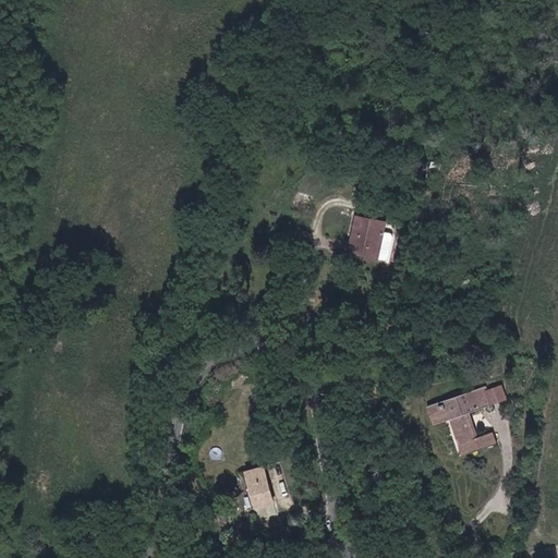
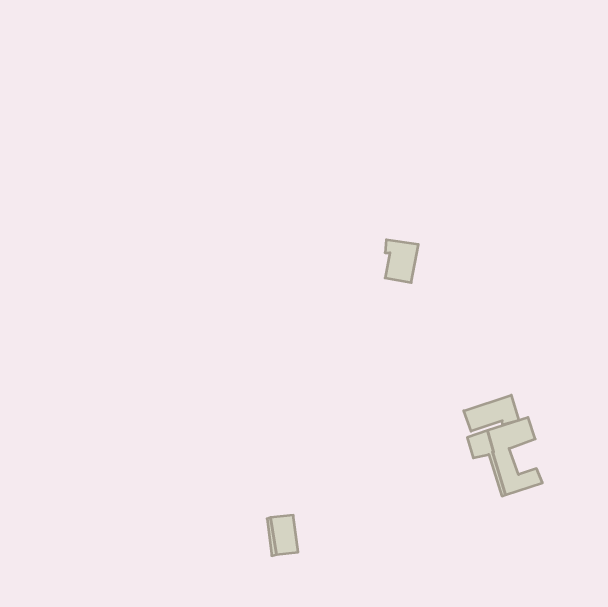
building: none -> [464,395,519,431]

